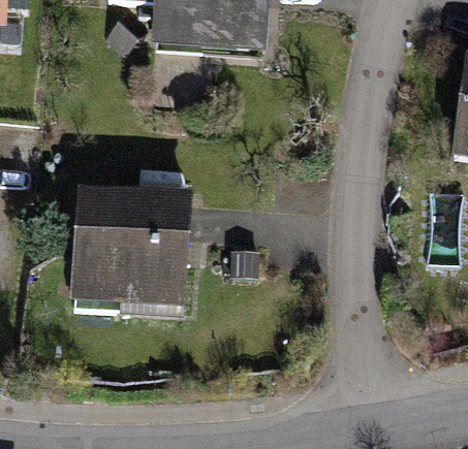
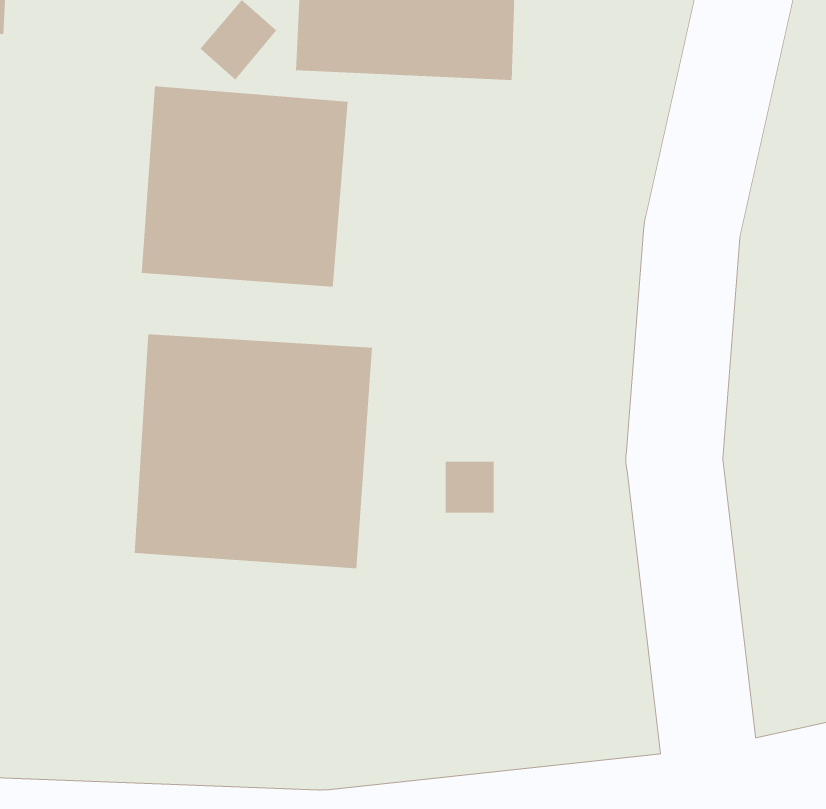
building: none -> [141,86,348,287]

